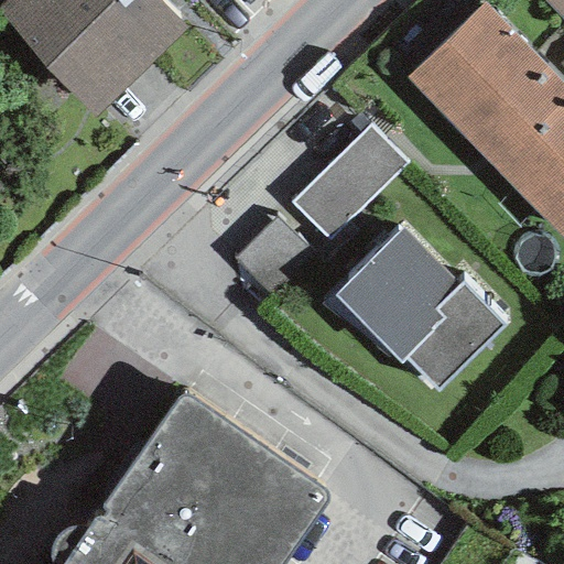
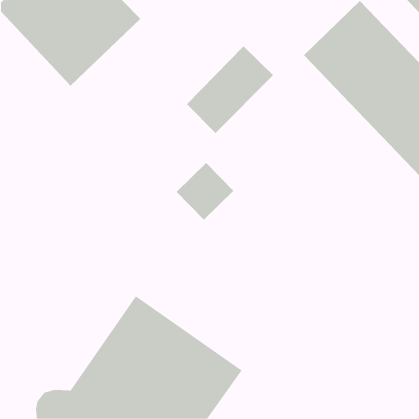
building: [292,124,410,242] -> [186,46,274,134]
building: [335,228,506,389] -> none

